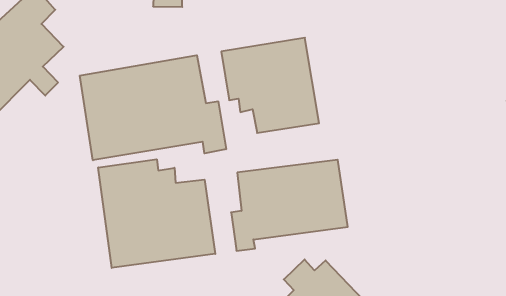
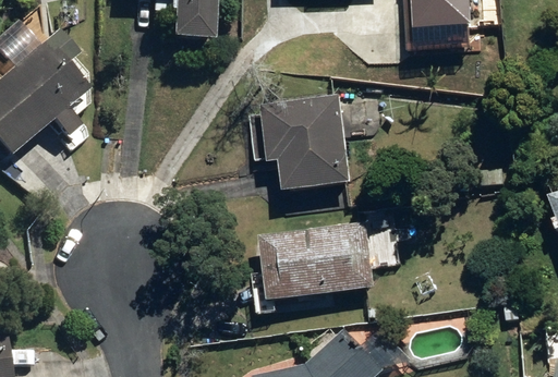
building: [80,55,226,160] -> none
building: [98,159,215,268] -> none

